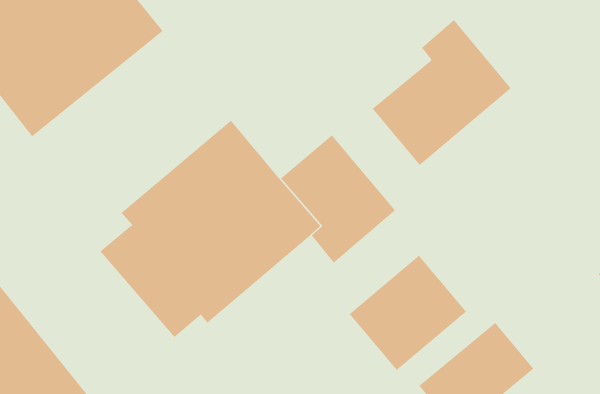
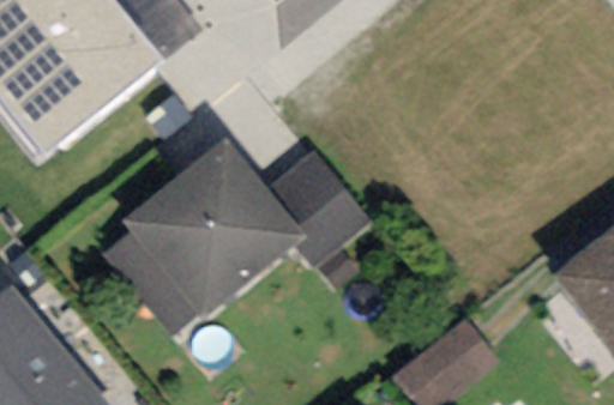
building: [372,19,511,166] -> none
building: [349,255,467,371] -> none

